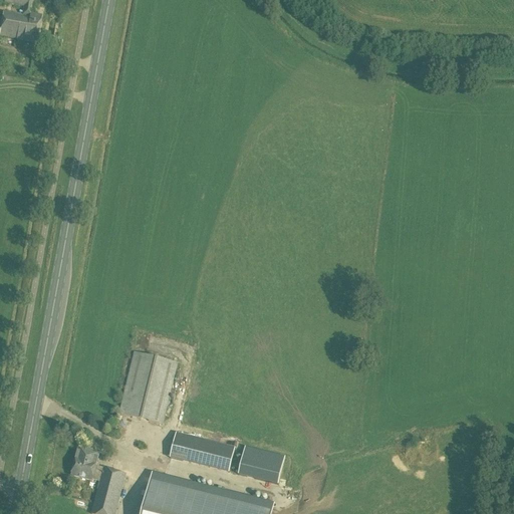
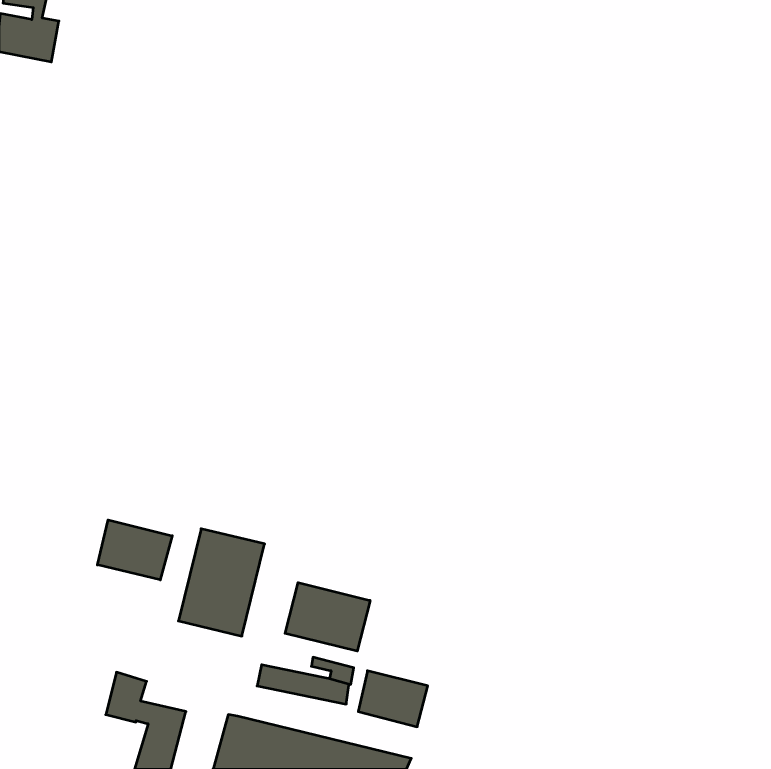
building: none -> [97,520,172,580]
building: none -> [285,583,370,651]

